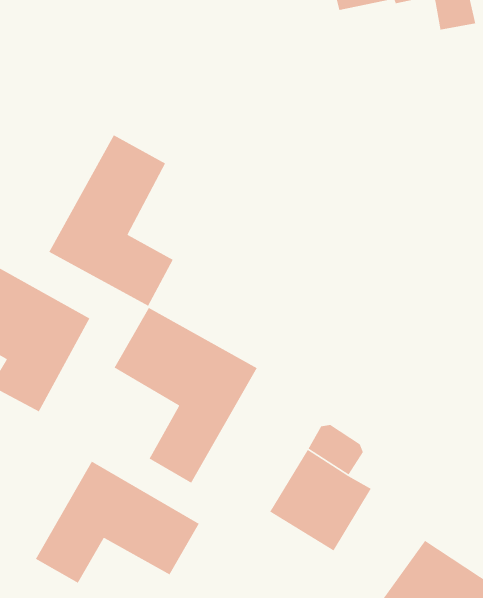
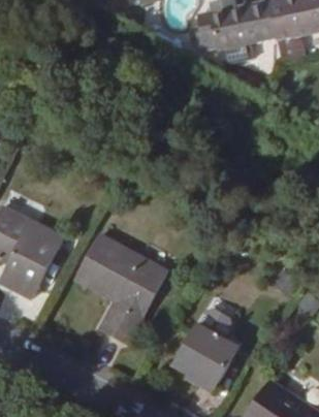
building: [48,134,174,307] -> none
building: [35,460,200,584] -> none

